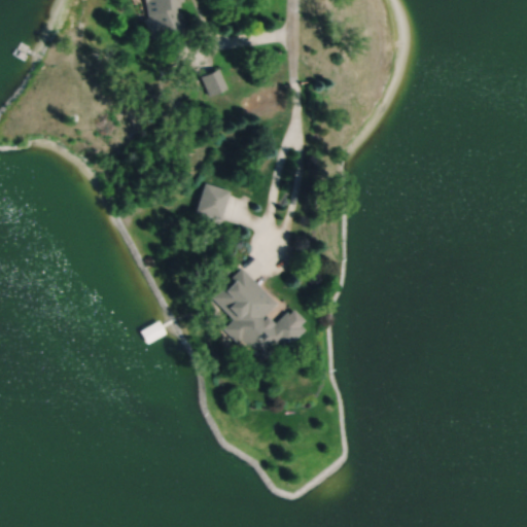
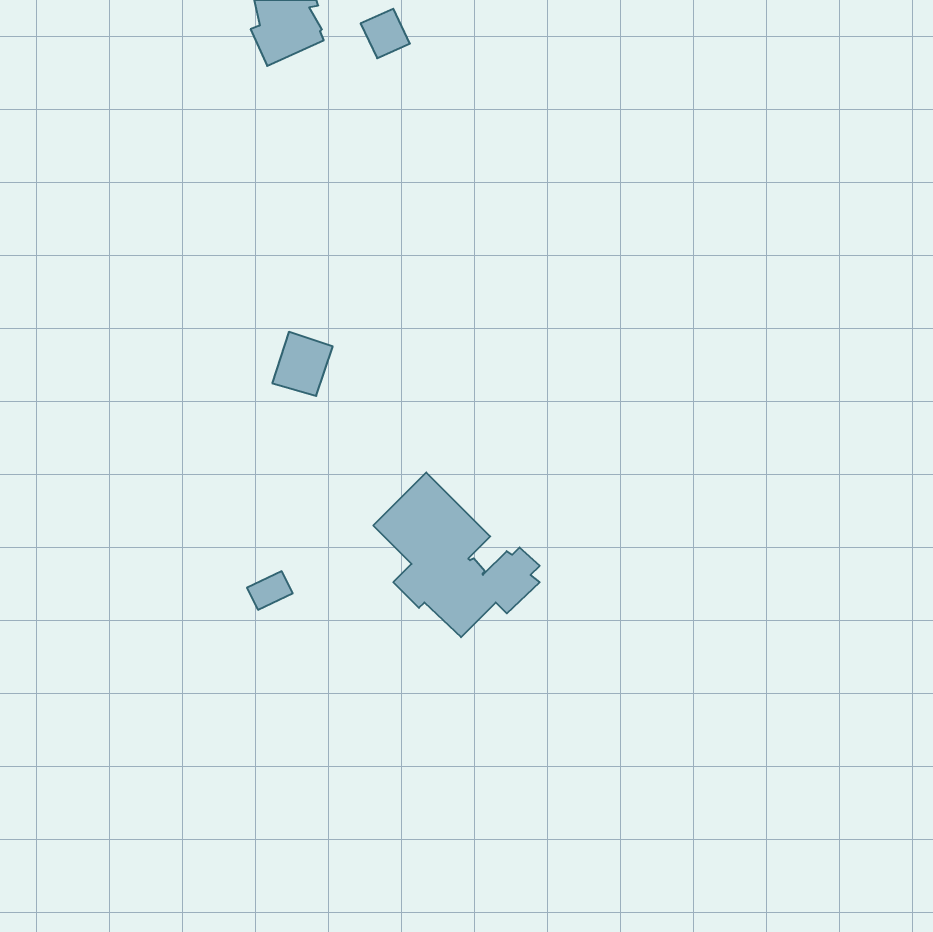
building: [200,68,227,96] -> [361,9,410,58]
building: [196,183,230,219] -> [272,332,333,396]

